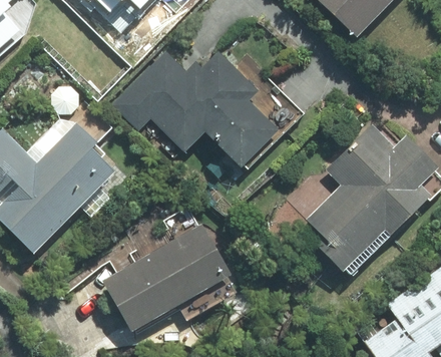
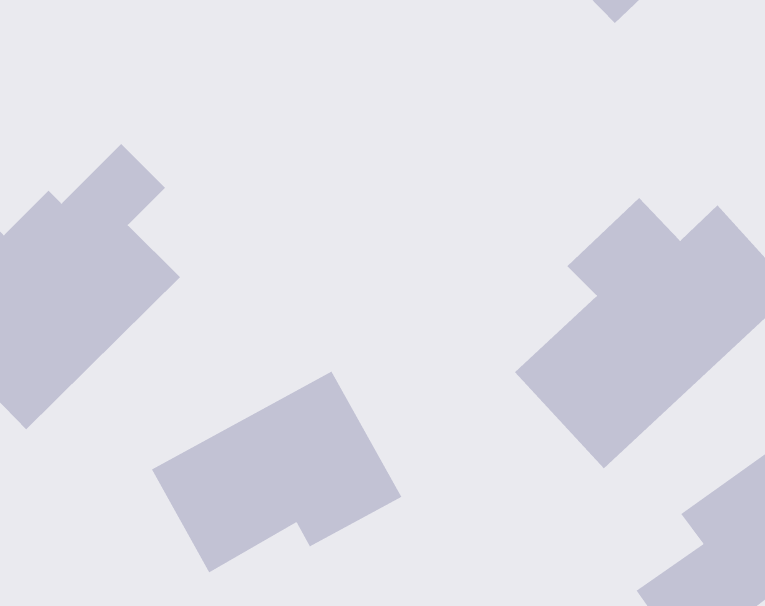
building: [117,48,282,166] -> none

